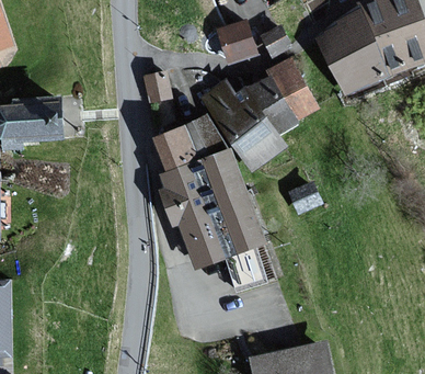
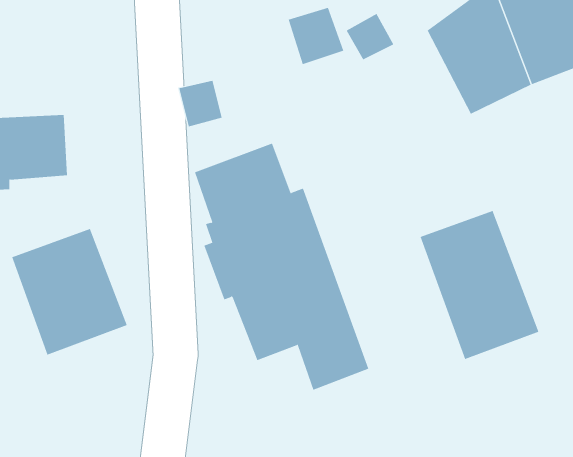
building: [200,57,320,170] -> none
building: none -> [420,210,539,360]
building: none -> [12,228,127,355]

